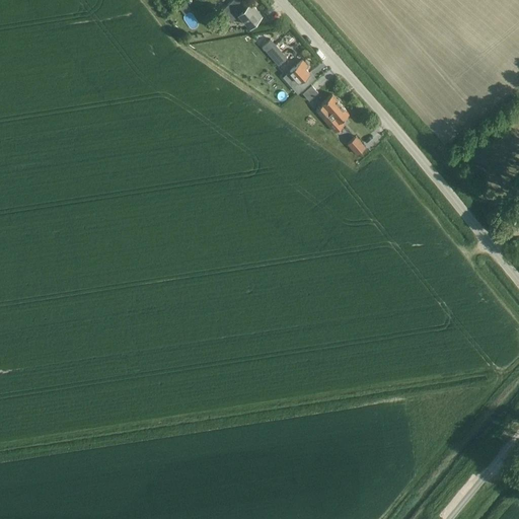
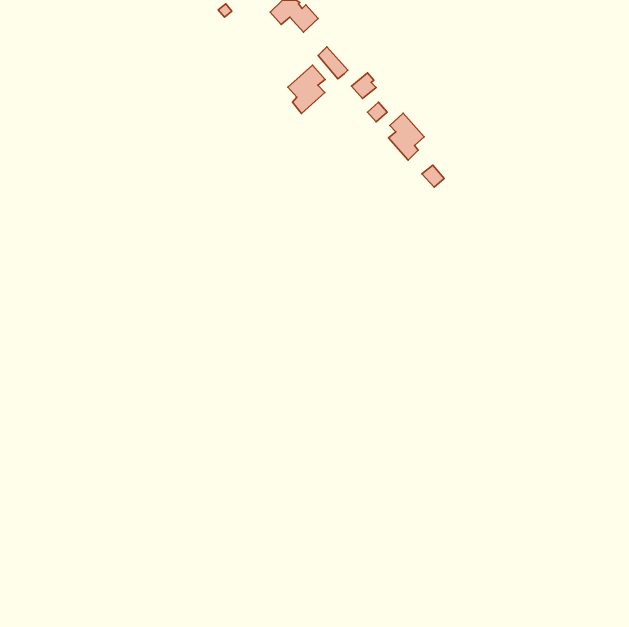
building: none -> [288,65,325,113]

